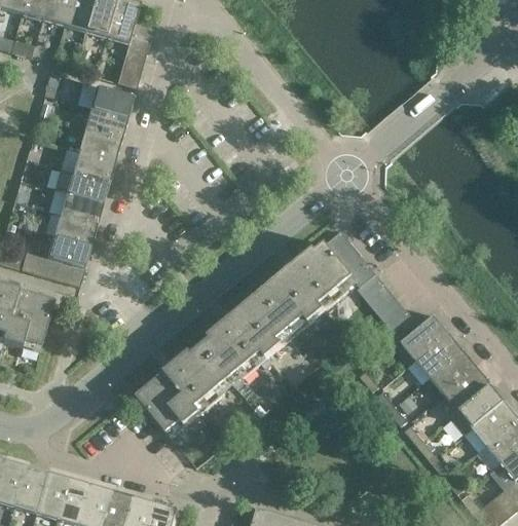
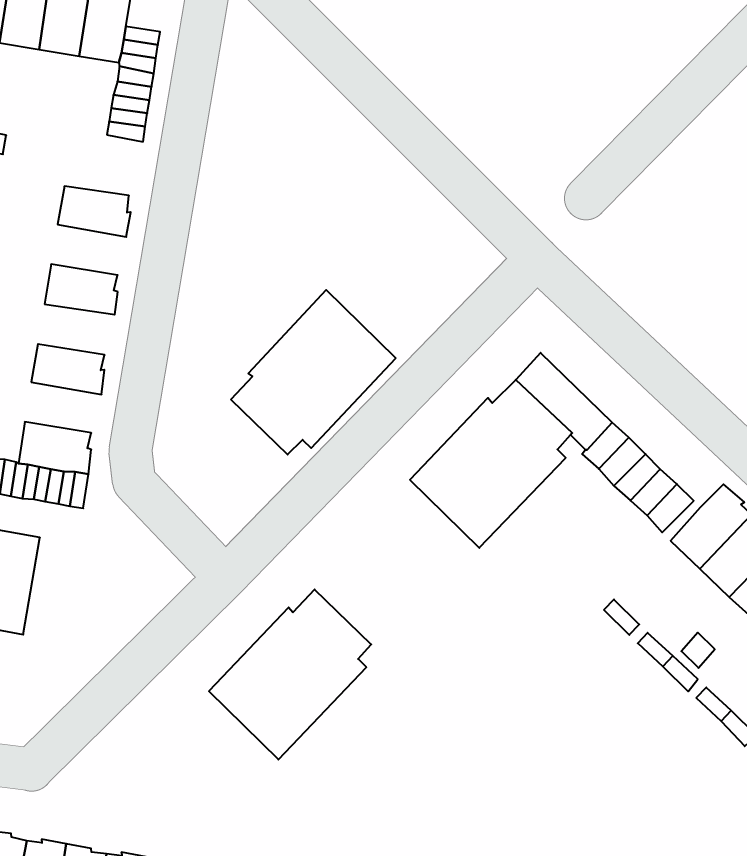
building: [87,84,132,116] -> none
building: [75,127,118,159] -> none
building: [50,166,107,202] -> none
building: [50,213,95,245] -> none
building: [199,291,293,379] -> [231,290,396,455]

